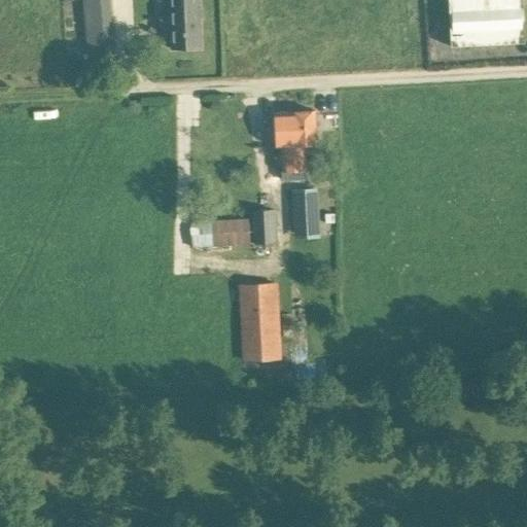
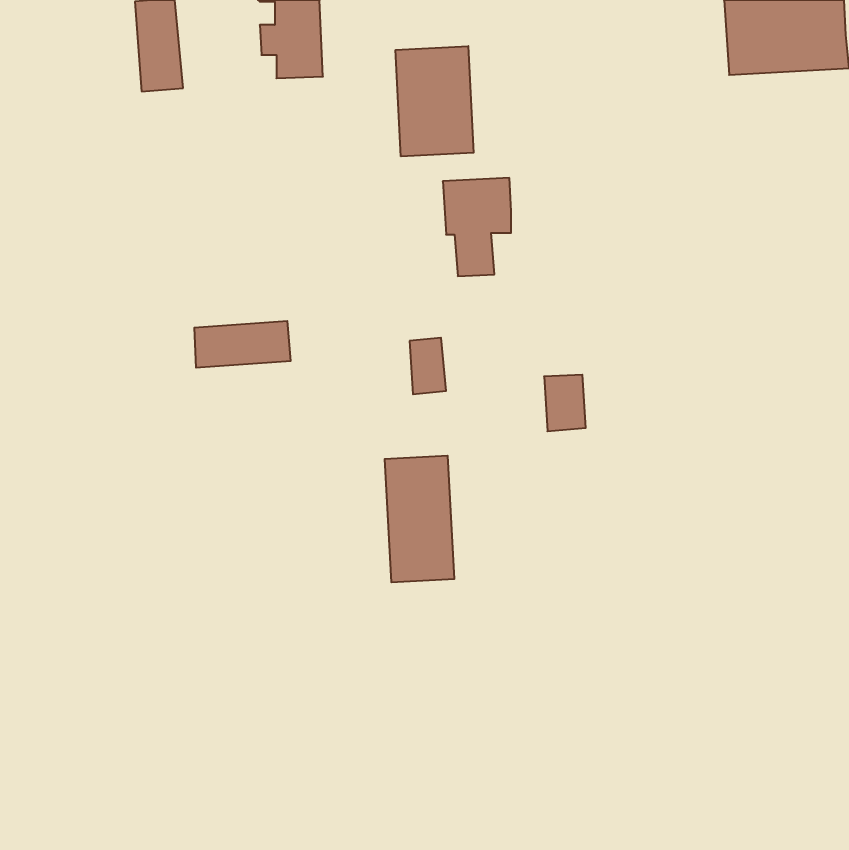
building: none -> [396,46,474,156]
building: [293,189,319,224] -> [544,375,586,431]
building: [190,218,250,247] -> [194,321,291,368]

